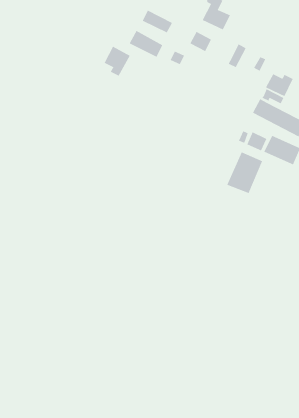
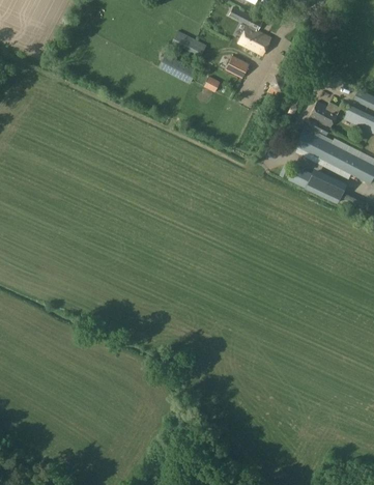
building: [104,46,130,77] -> none
building: [227,152,263,194] -> none

